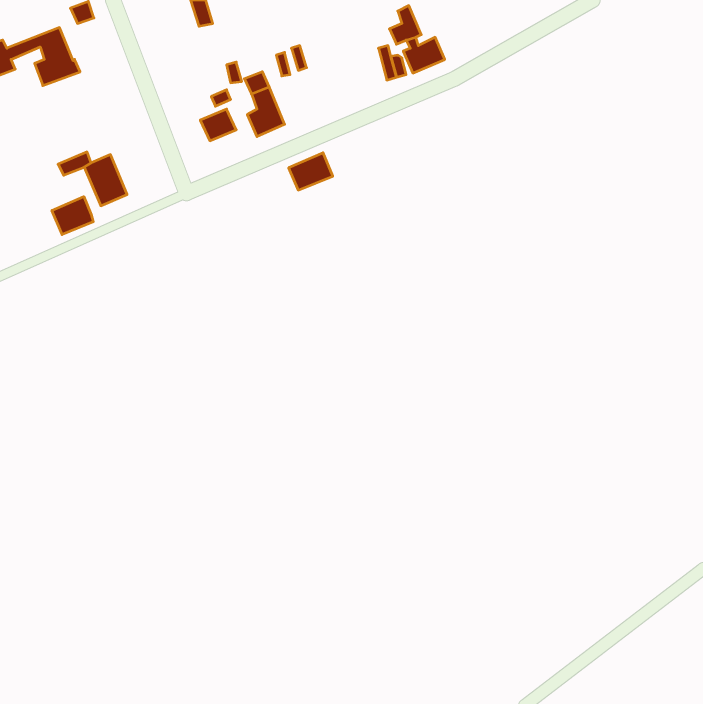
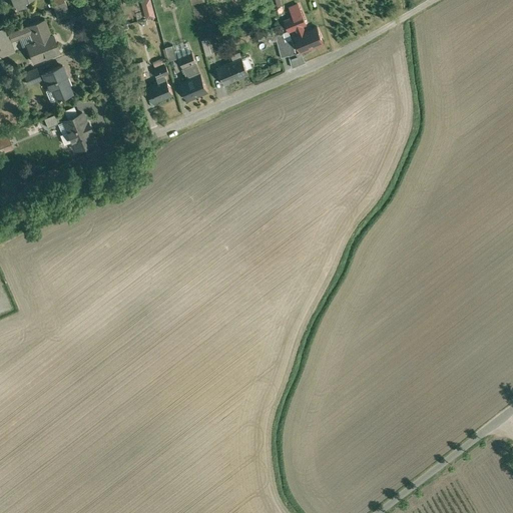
building: none -> [41,66,70,103]
building: [289,153,333,190] -> [215,58,247,85]
building: [52,197,93,235] -> none

